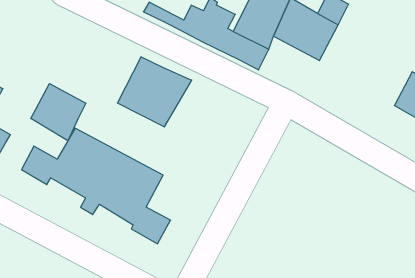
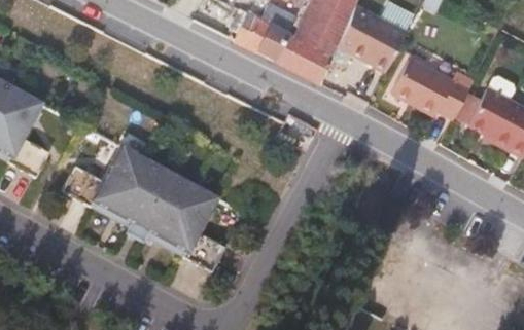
building: none -> [393,56,475,118]
building: [117,57,192,127] -> none
building: [31,84,86,141] -> none

